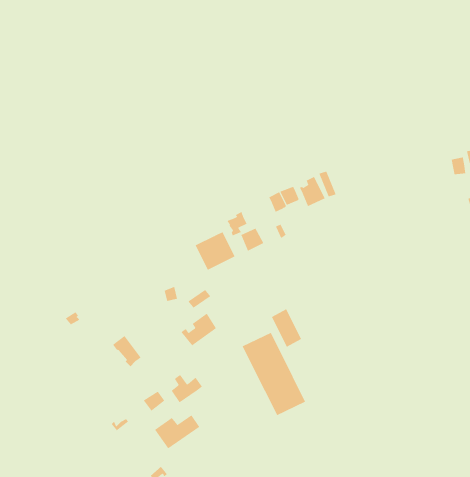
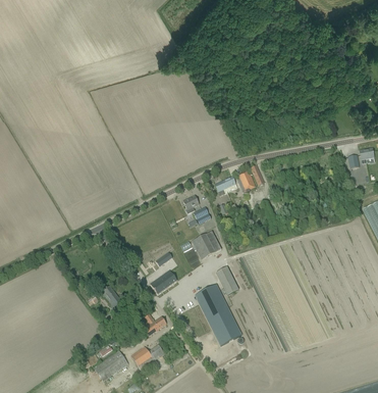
building: [195,231,235,270] -> [192,231,221,259]
building: none -> [93,349,128,381]

